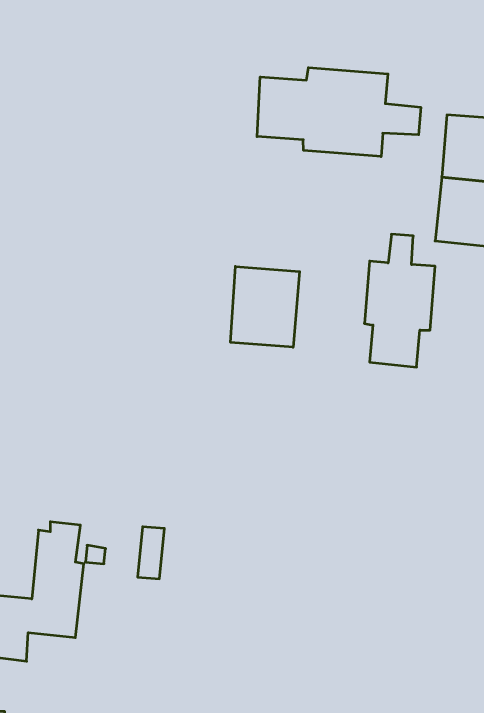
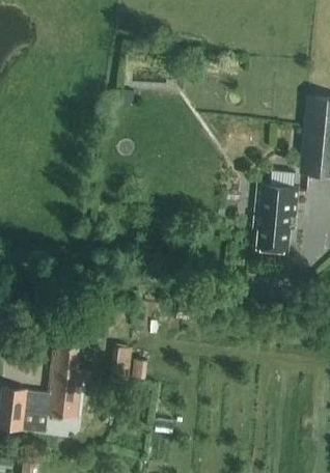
building: [257,68,421,157] -> none
building: [231,266,300,347] -> none

